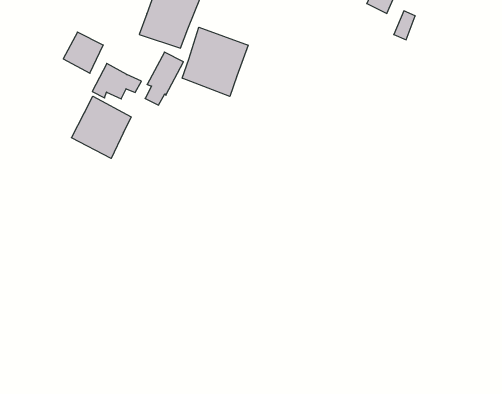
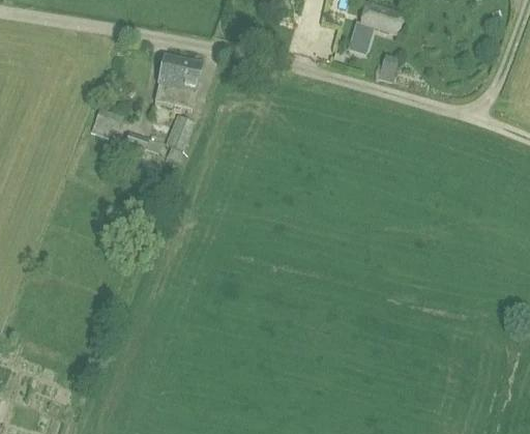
building: [182,27,248,96] -> none
building: [71,96,131,158] -> none

